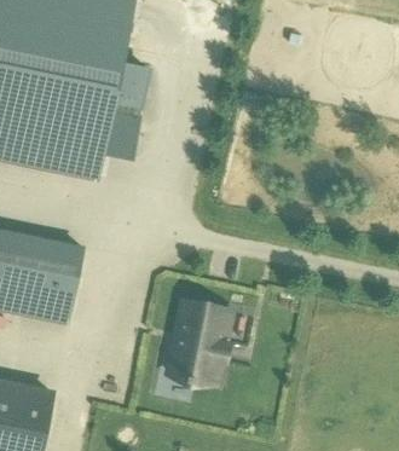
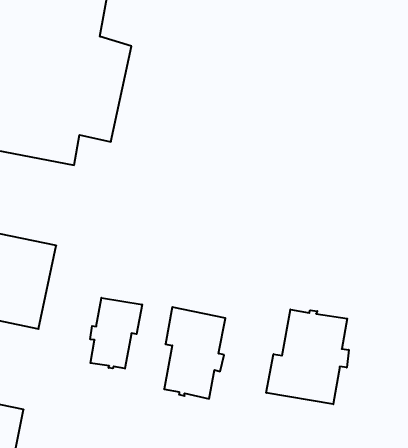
building: none -> [90,298,142,369]
building: none -> [266,309,349,404]

